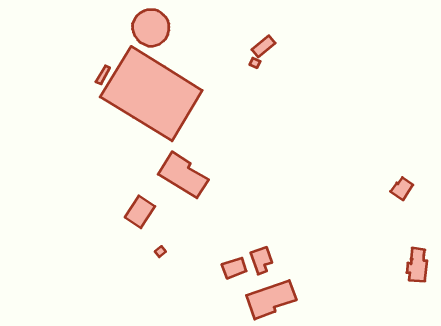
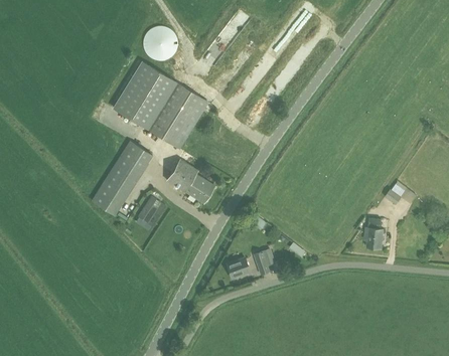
building: none -> [92,141,152,214]
building: [407,248,427,281] -> [363,216,383,247]
building: [246,280,296,319] -> none

